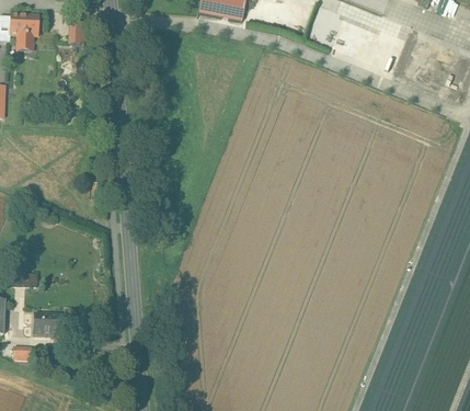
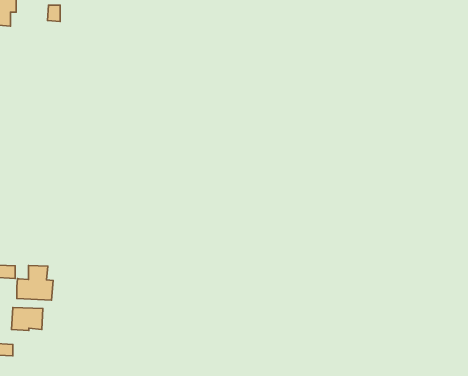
building: none -> [17,266,53,300]

